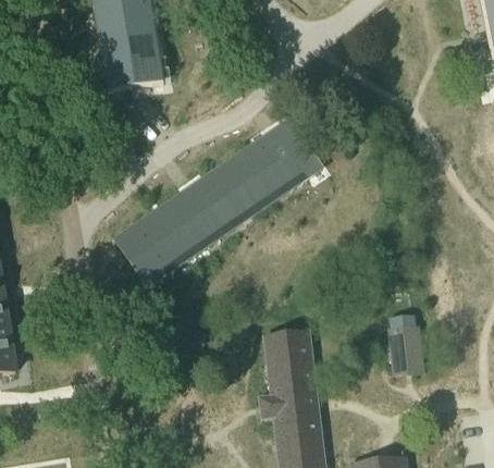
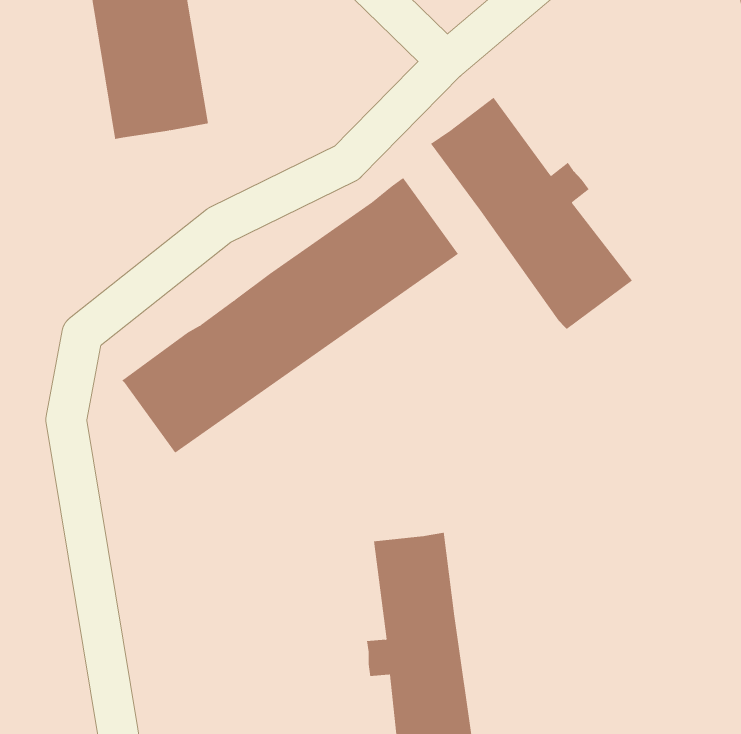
building: none -> [430,97,633,330]
building: [388,316,422,374] -> none

